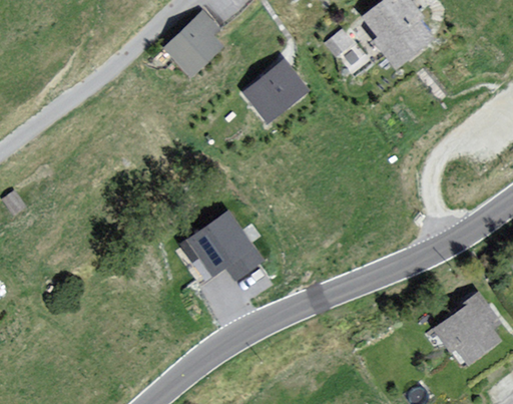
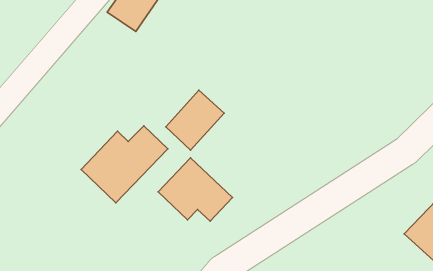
building: [243,61,306,121] -> [166,90,224,150]
building: none -> [81,126,168,203]

